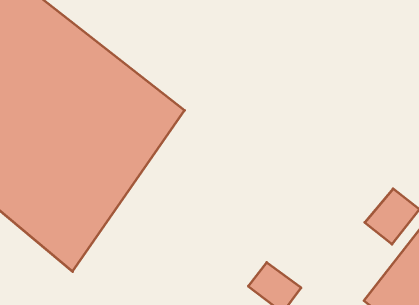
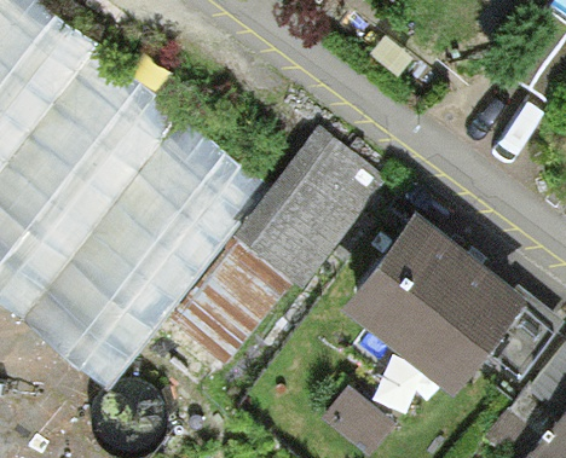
building: none -> [181,135,392,364]
building: none -> [340,196,513,365]

